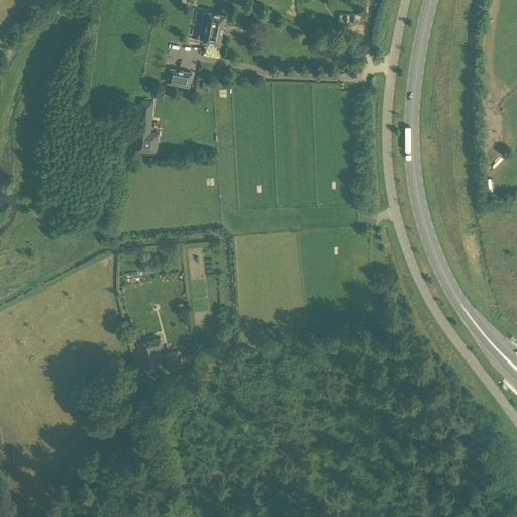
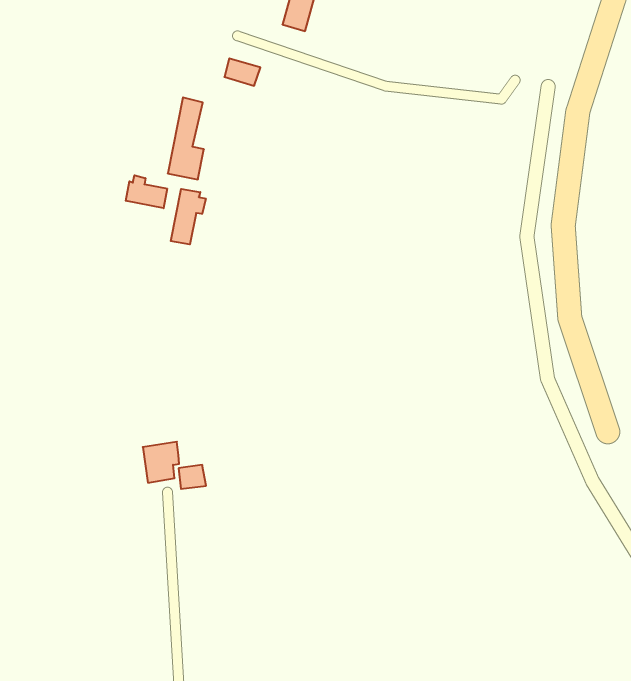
building: none -> [126,175,167,208]
building: none -> [171,189,206,244]

